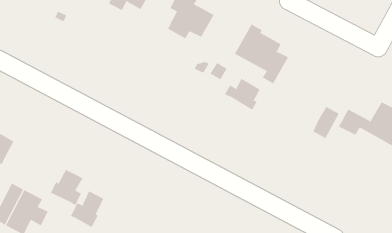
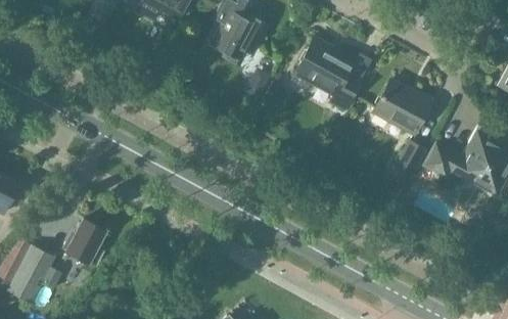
building: none -> [375,81,432,135]
building: [224,78,261,110] -> none
building: [70,190,104,228] -> none

